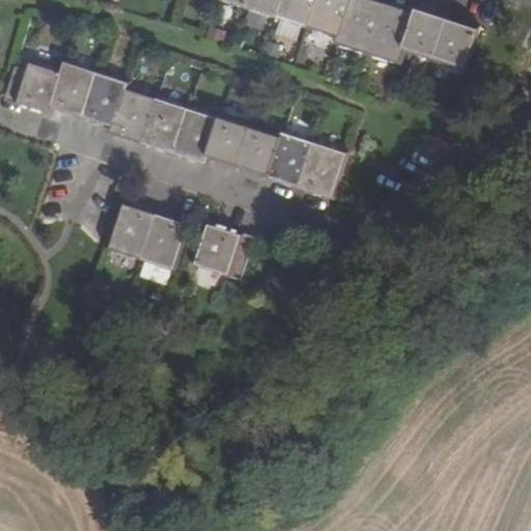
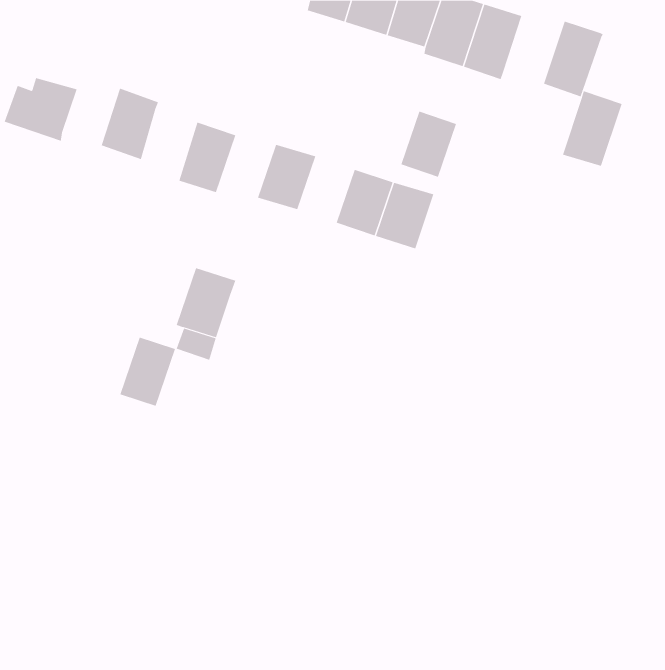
building: [398,6,446,66] -> [562,91,623,167]
building: [50,59,94,115] -> none
building: [110,86,156,143] -> none
building: [171,107,217,163] -> none
building: [235,123,280,176] -> [401,111,457,178]
building: [110,202,155,257] -> [119,337,176,406]
building: [193,224,252,279] -> none

